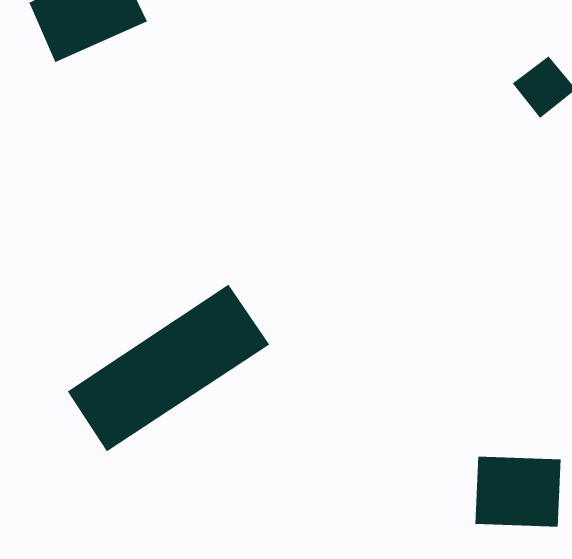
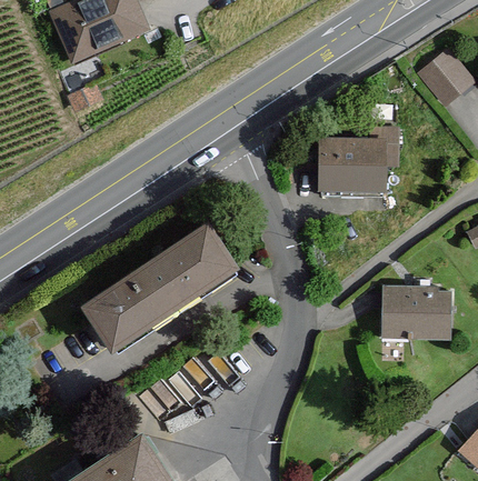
building: none -> [317,136,386,189]
building: [474,456,561,527] -> [382,289,448,342]

